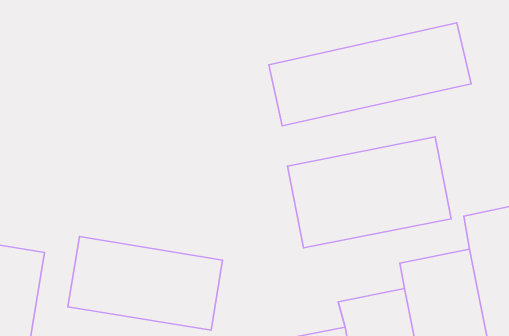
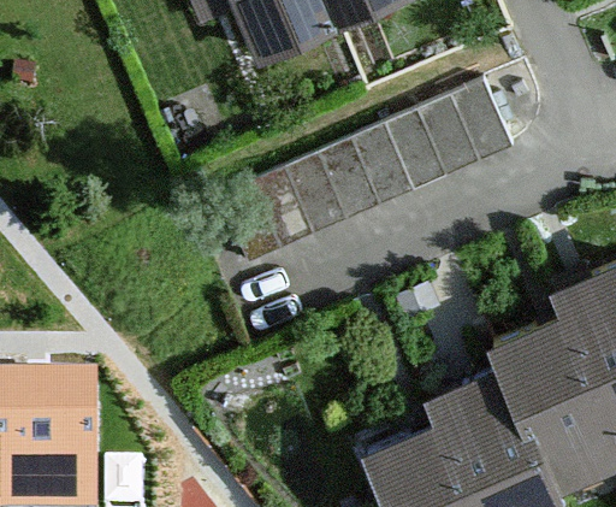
building: [288,137,451,248] -> none
building: [68,237,222,330] -> none

